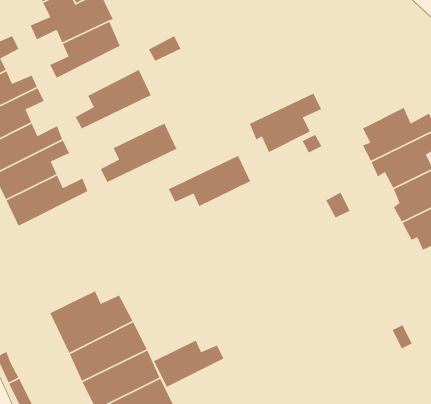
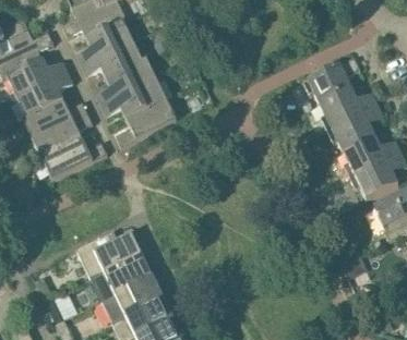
building: none -> [83,39,143,77]
building: [249,93,322,153] -> [304,56,361,102]
building: [168,155,251,207] -> [103,77,167,118]
building: [153,340,225,388] -> none

